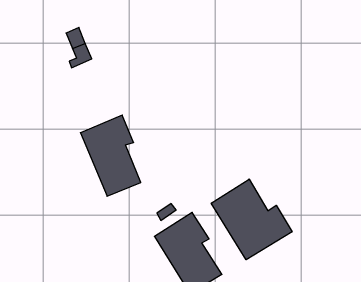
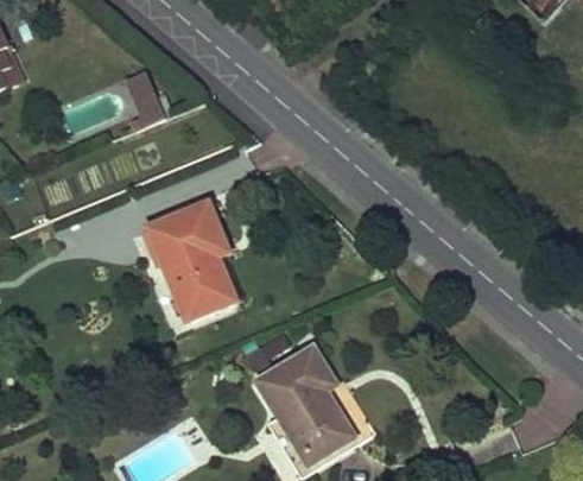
building: [211,179,292,260] -> none

